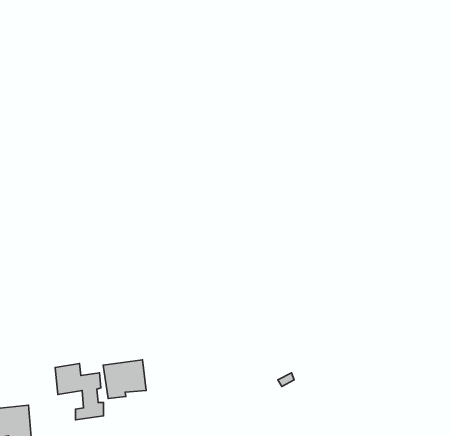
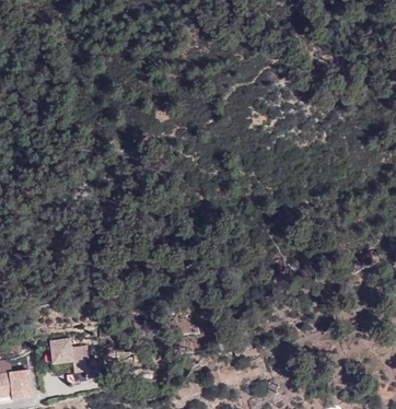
building: [103,360,146,398] -> none

